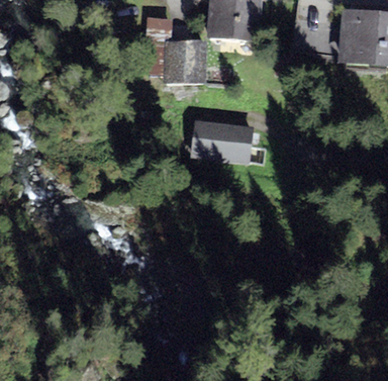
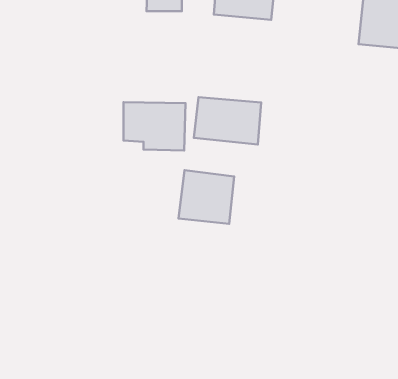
building: [147,38,203,83] -> [124,102,185,151]
building: none -> [179,170,234,224]

